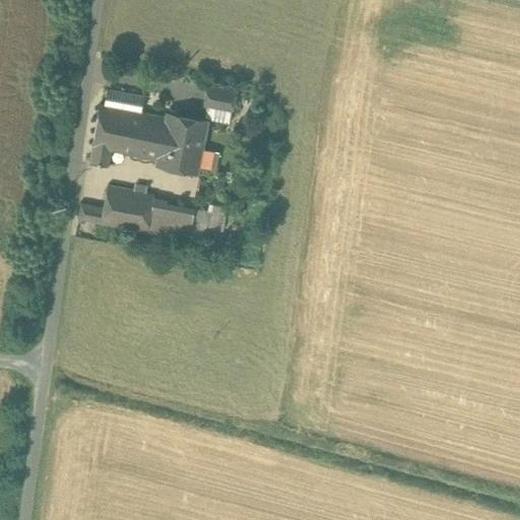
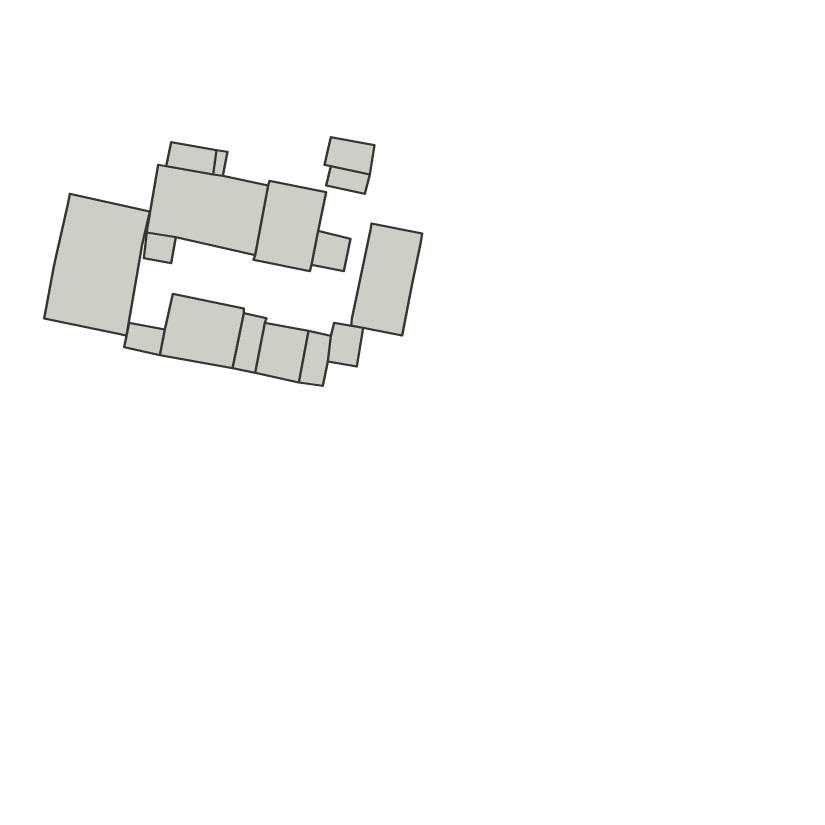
building: none -> [44,194,150,336]
building: none -> [351,223,422,336]

